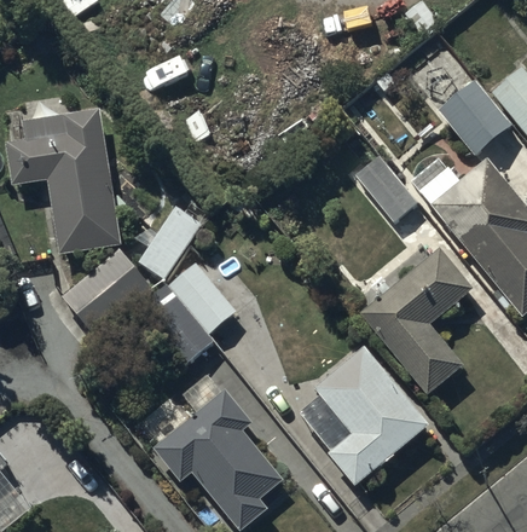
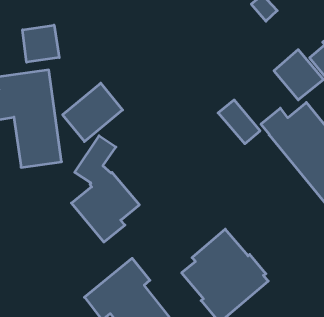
building: none -> [23,25,59,62]
building: [62,248,151,335] -> [63,83,123,142]
building: [359,248,470,394] -> none

